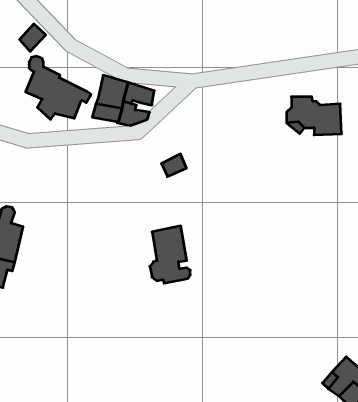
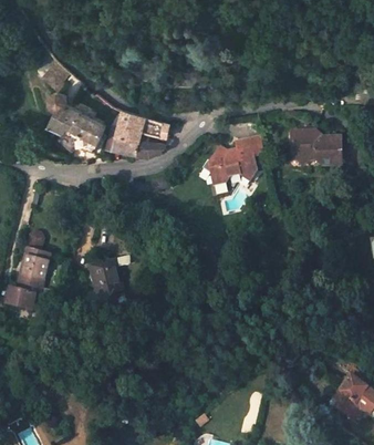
building: none -> [210,135,264,184]
building: [150,226,190,283] -> [86,257,124,310]

